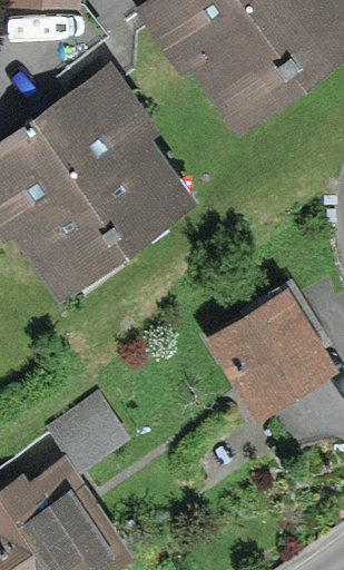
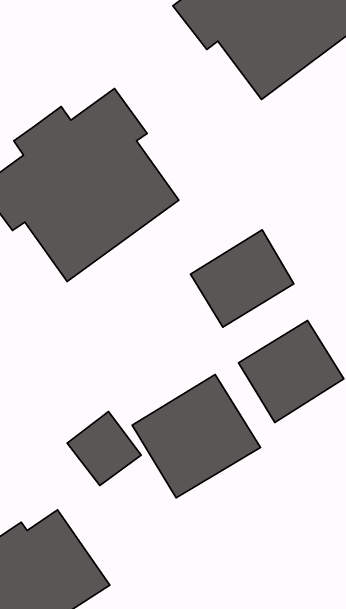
building: none -> [190,230,294,327]
building: none -> [132,374,260,498]

